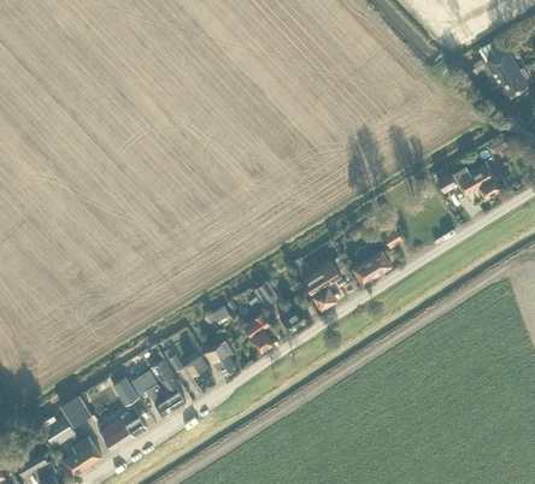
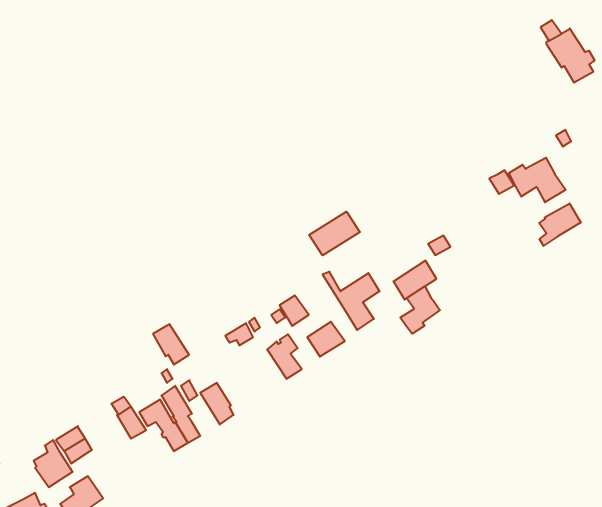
building: none -> [539,203,581,246]
building: none -> [309,212,360,255]
building: none -> [400,286,440,334]
building: [205,342,236,377] -> [153,324,189,365]
building: [99,405,145,449] -> none

